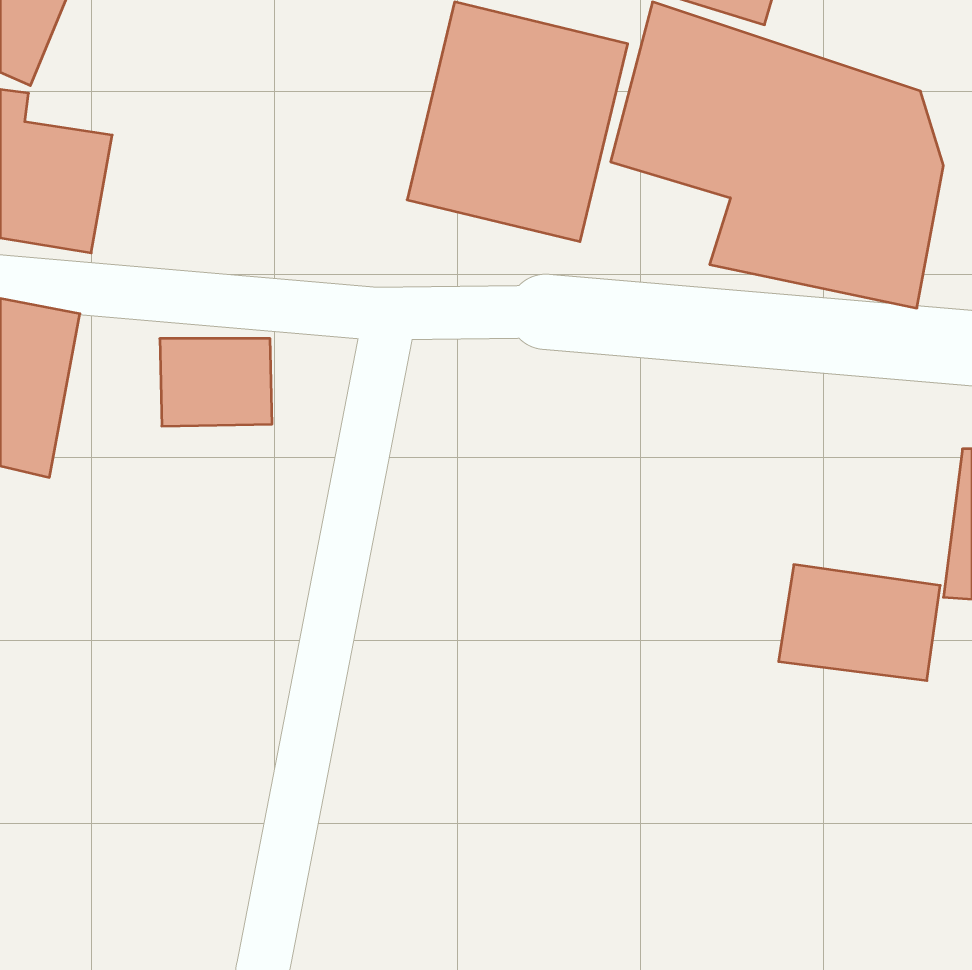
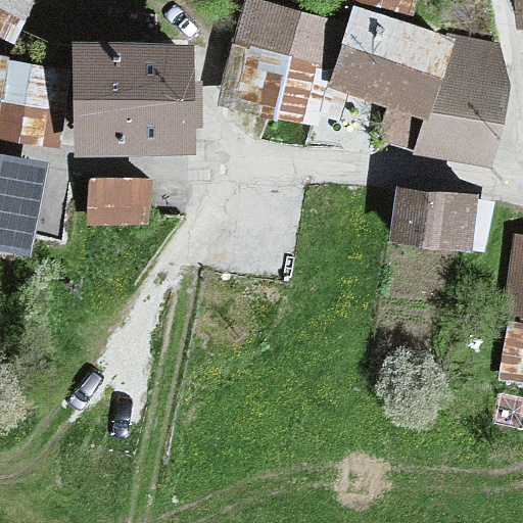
building: none -> [75,40,191,149]
building: [779,565,940,681] -> [386,186,473,248]

